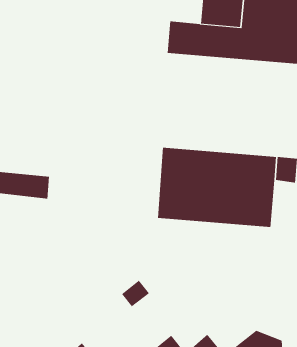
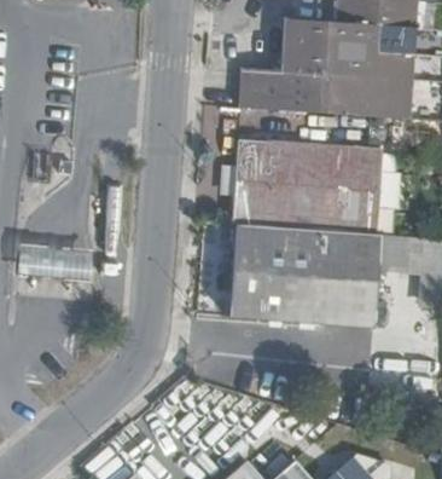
building: none -> [232,135,384,235]

